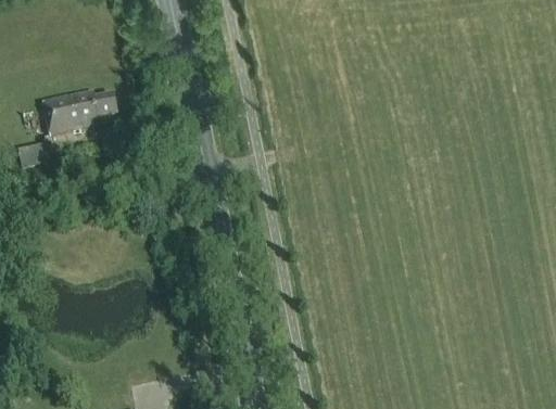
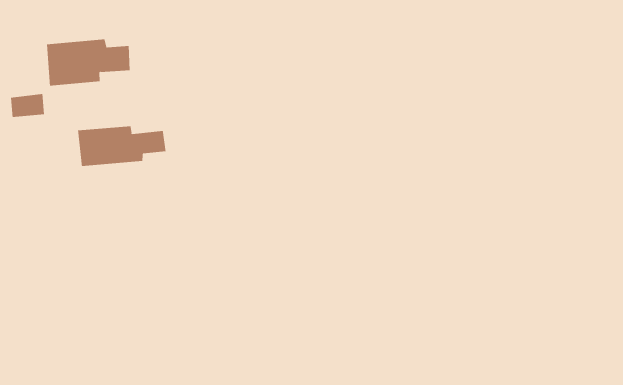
building: none -> [78,125,166,167]

